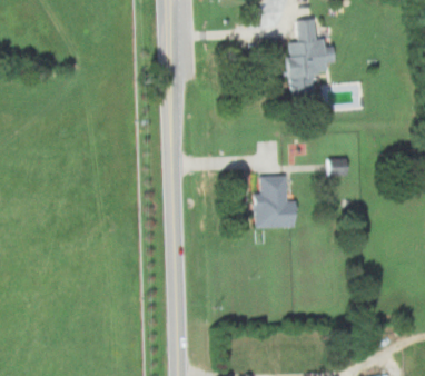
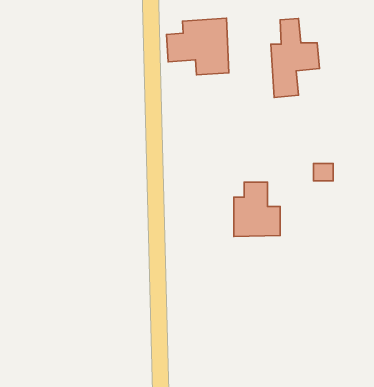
building: none -> [166,18,229,75]

